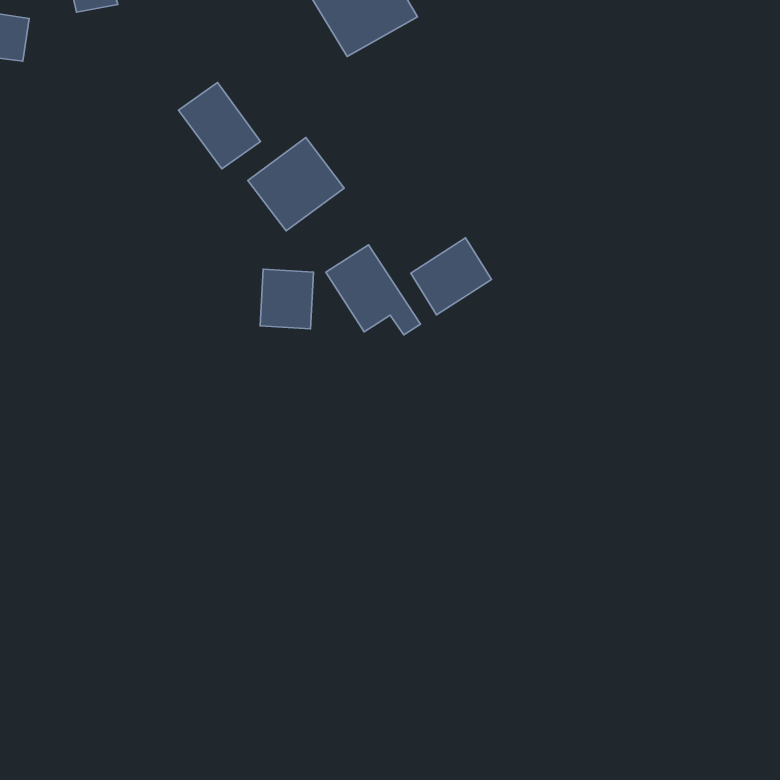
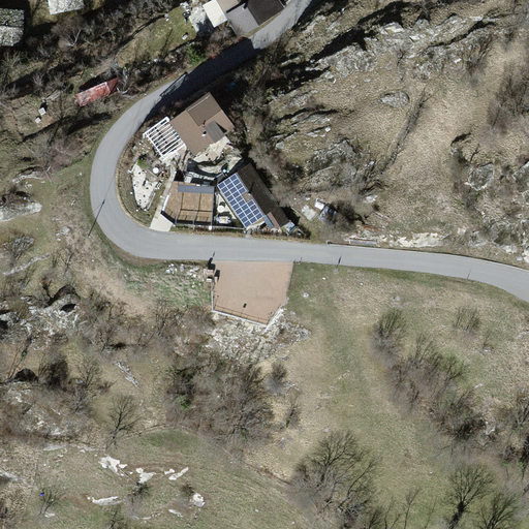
building: [178,83,261,169] -> none
building: [411,238,491,315] -> none

